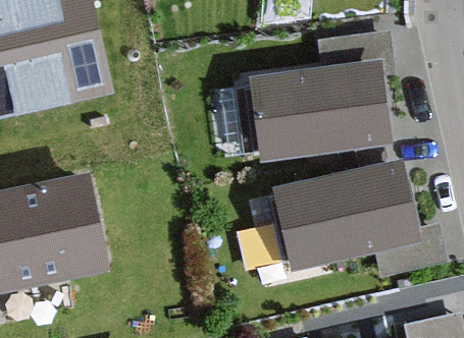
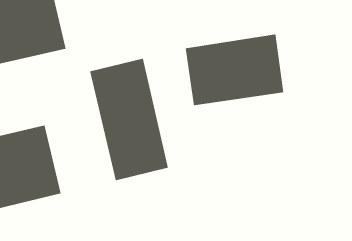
building: none -> [89,58,169,181]
building: [270,157,411,257] -> none

